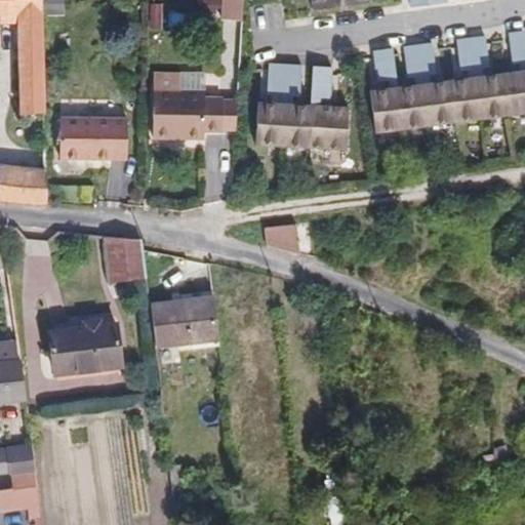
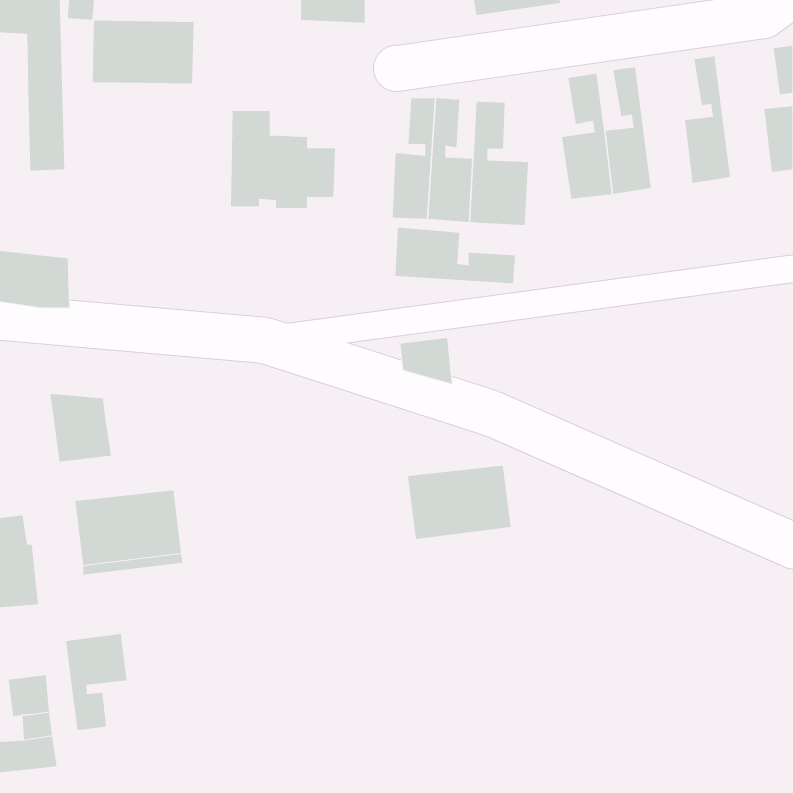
building: [472,35,509,117] -> none
building: [419,42,456,124] -> none
building: [58,117,126,159] -> [92,20,194,84]
building: none -> [395,227,515,284]
building: [105,236,146,281] -> [50,394,112,462]
building: [149,296,217,346] -> [407,465,511,540]
building: none -> [65,633,127,731]

